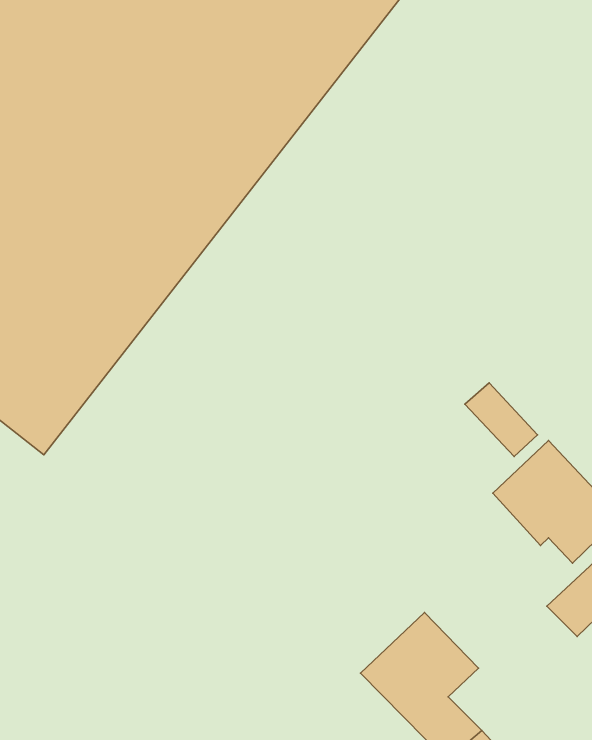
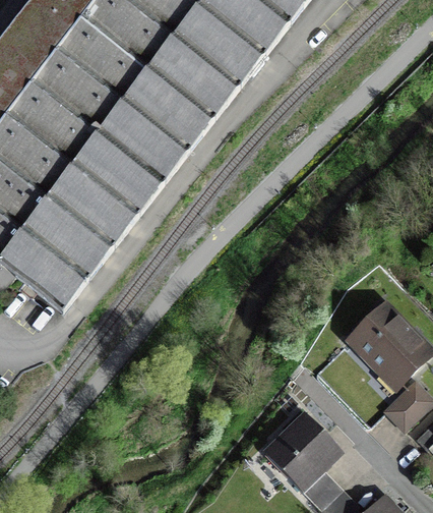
building: [465,383,537,457] -> none

